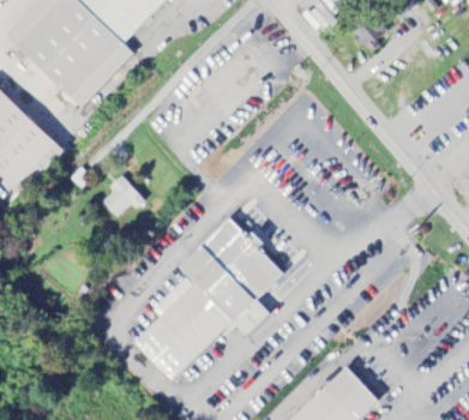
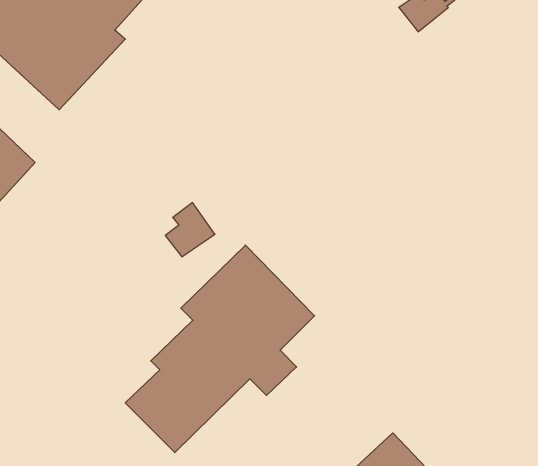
building: [104,174,144,217] -> [165,203,215,257]

